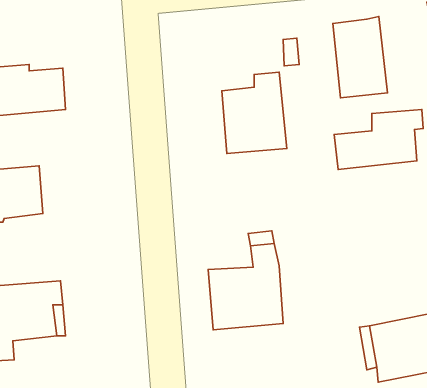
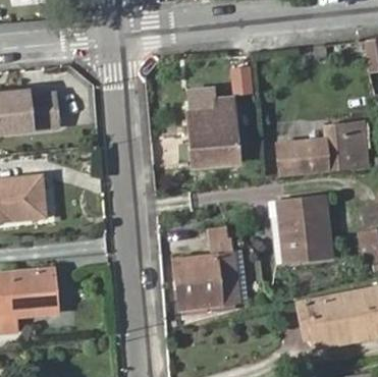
building: [333,17,387,98] -> none
building: none -> [281,193,335,263]

